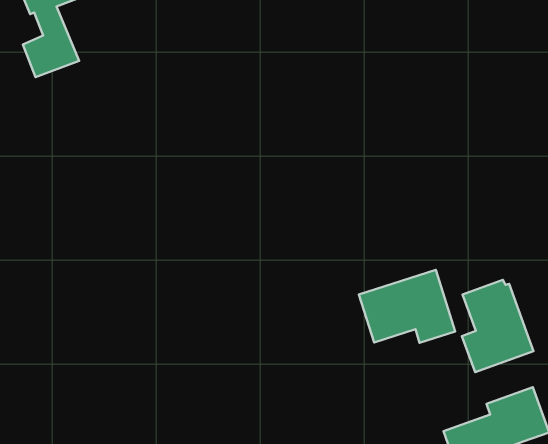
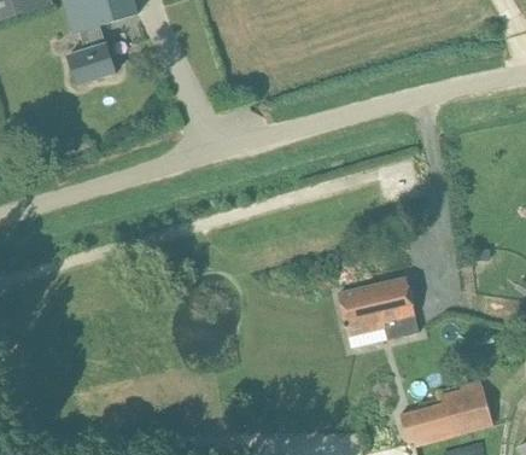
building: [462,280,534,372] -> none

